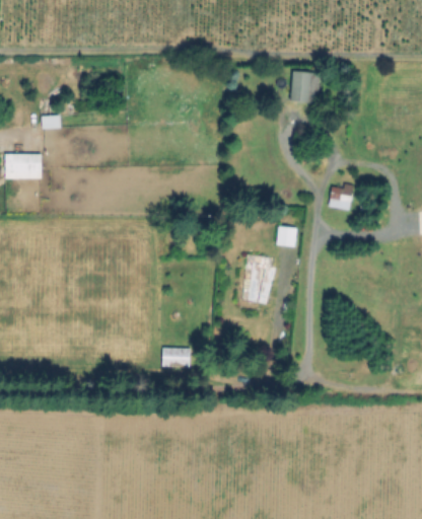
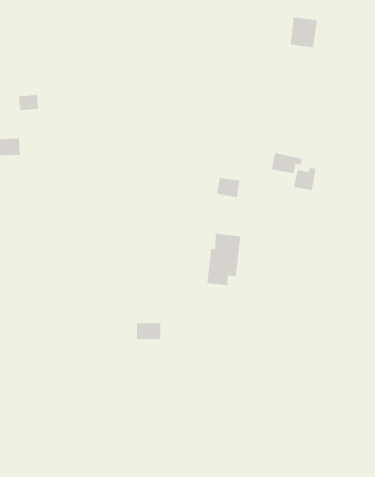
building: [290,71,320,103] -> [290,17,318,48]
building: none -> [271,152,303,174]
building: [275,225,300,246] -> [216,178,240,198]

